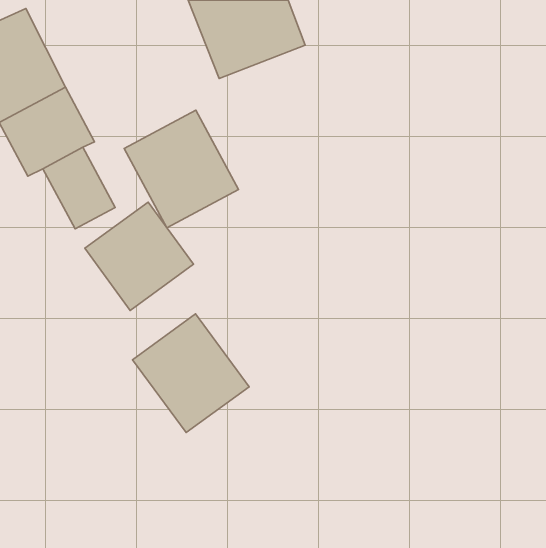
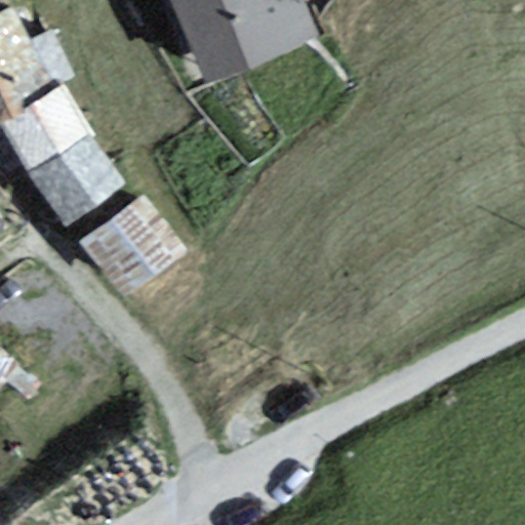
building: [124,110,239,228] -> none
building: [133,314,249,433] -> none

